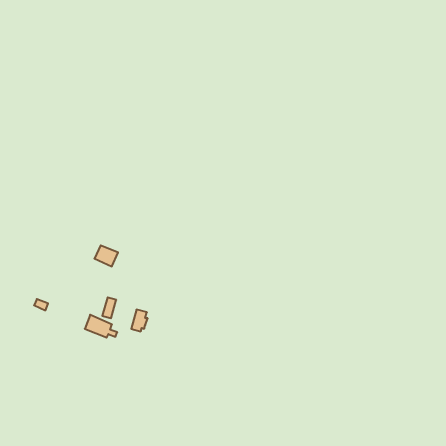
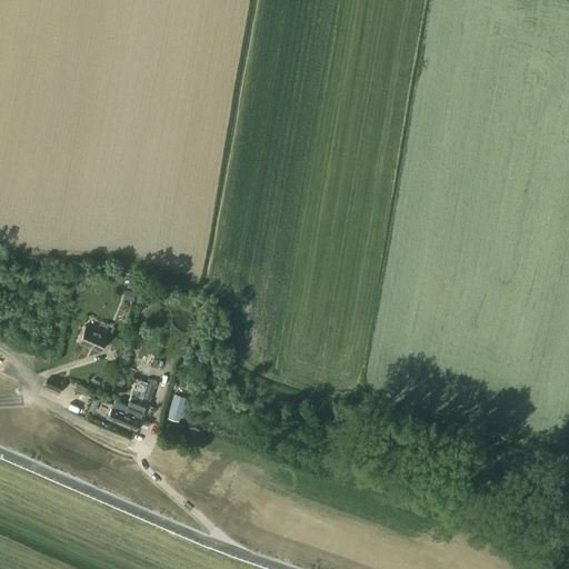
building: [94,245,118,266] -> [79,326,109,352]

